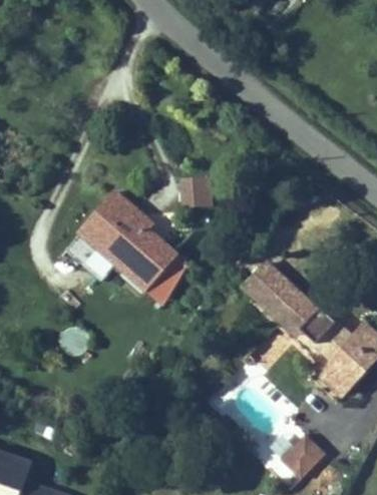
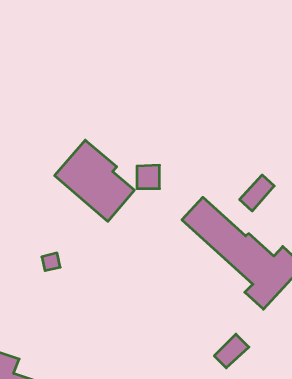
building: [182,177,211,206] -> [137,165,160,189]
building: none -> [240,175,274,211]

